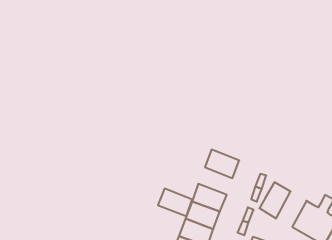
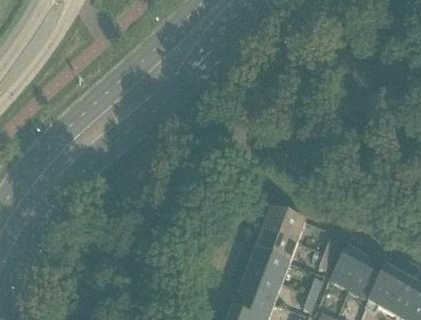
building: [158,189,192,216] -> [255,227,296,260]
building: none -> [349,256,385,299]

